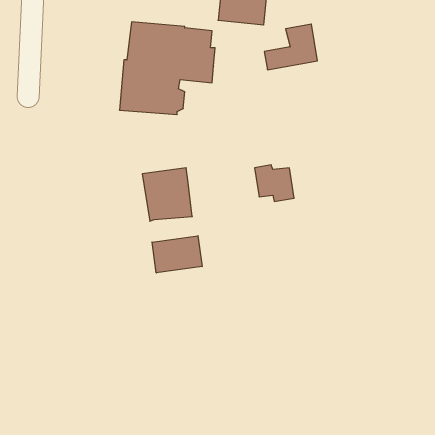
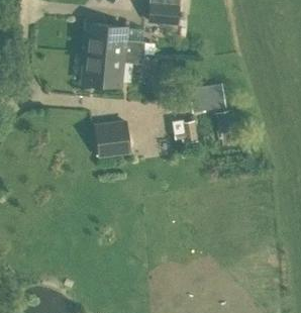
building: [264,24,317,70] -> [190,83,225,113]
building: [152,236,202,273] -> none

